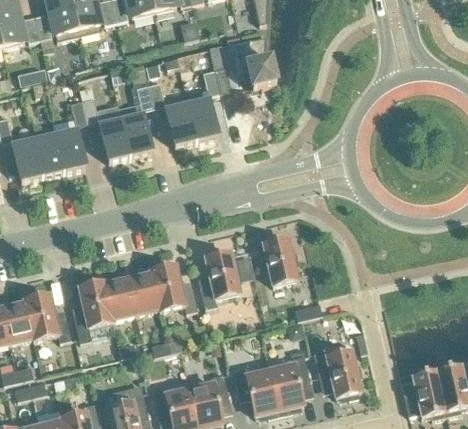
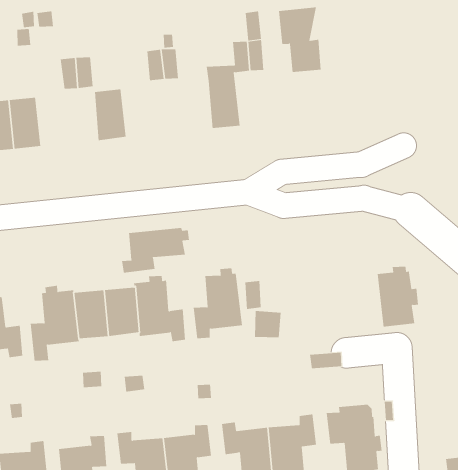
building: [166,102,196,144] -> none
building: [121,112,152,154] -> none
building: [55,127,85,170] -> none
building: none -> [121,227,189,273]
building: [263,233,299,283] -> [377,266,419,327]

